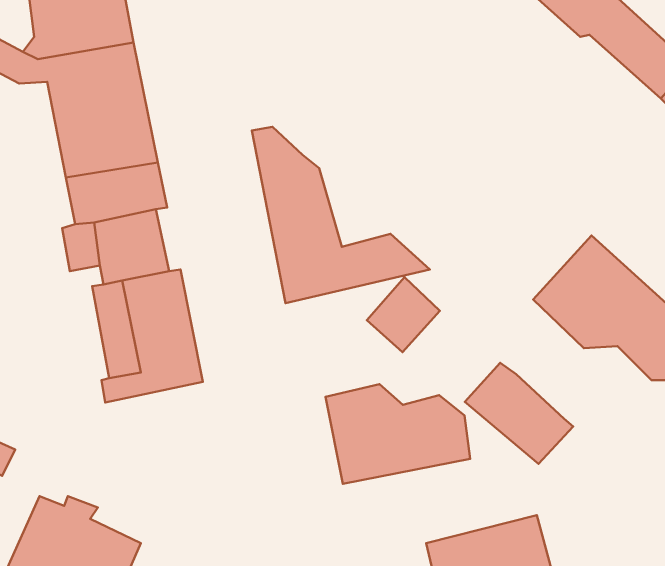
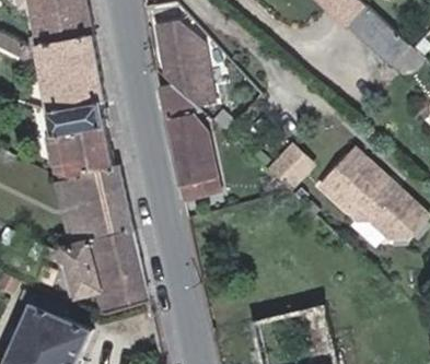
building: none -> [158,22,212,102]
building: [367,277,440,352] -> [264,142,306,186]
building: [465,363,573,464] -> none
building: none -> [48,234,144,304]
building: [326,384,470,484] -> none

